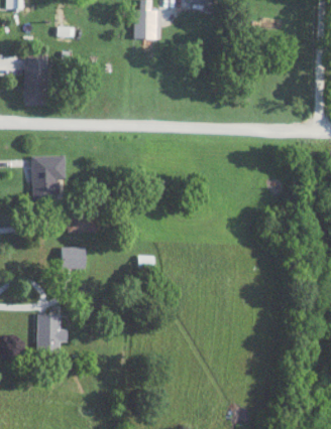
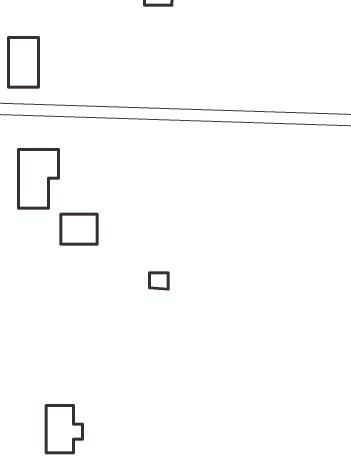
building: [62,246,85,268] -> none
building: [37,313,67,351] -> [46,406,82,453]

